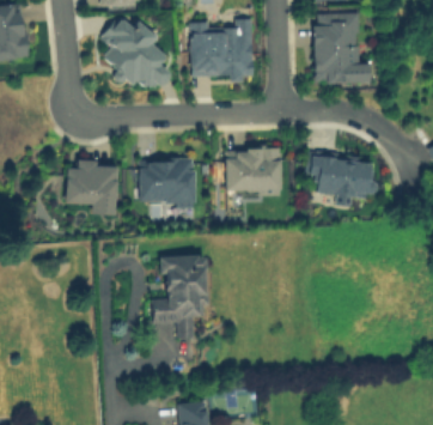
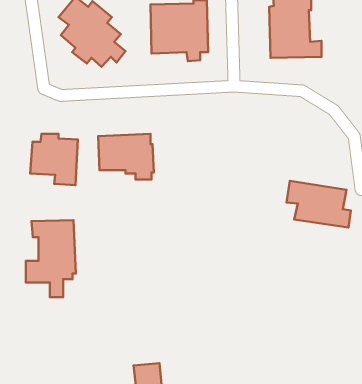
building: [225,147,283,194] -> none
building: [307,153,376,202] -> [286,181,351,227]
building: [154,260,207,341] -> [26,220,76,297]

